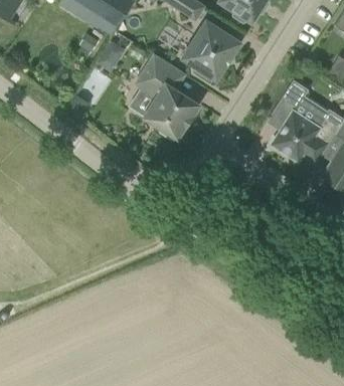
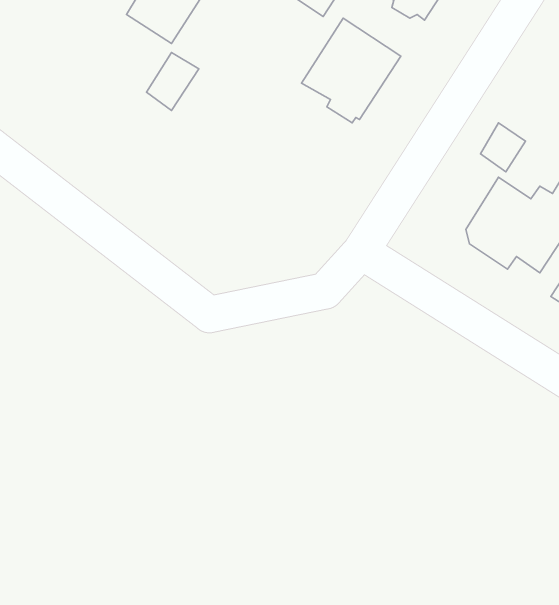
building: [136,54,199,140] -> none

